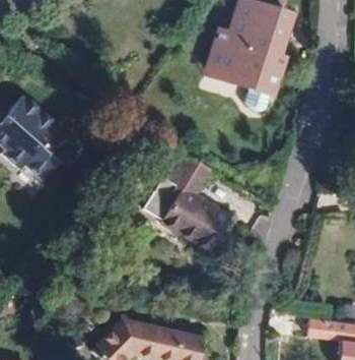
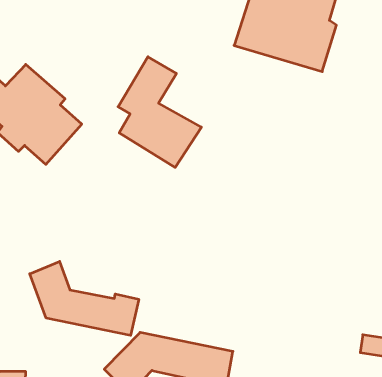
building: [158,156,229,250] -> [118,57,201,167]
building: none -> [30,261,139,335]

